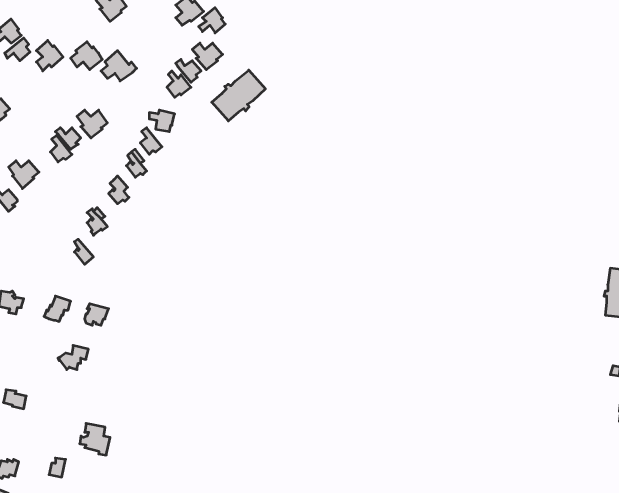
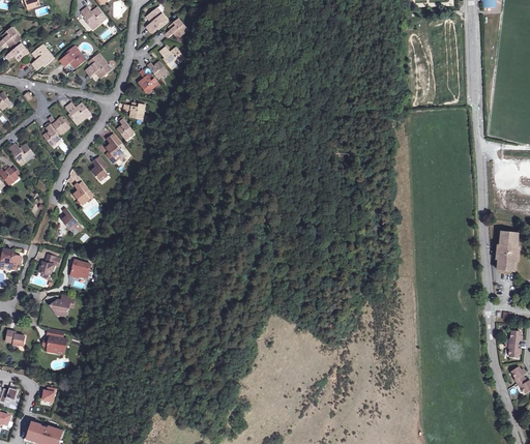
building: [212,70,265,121] -> none
building: [80,423,110,455] -> [42,328,67,354]

